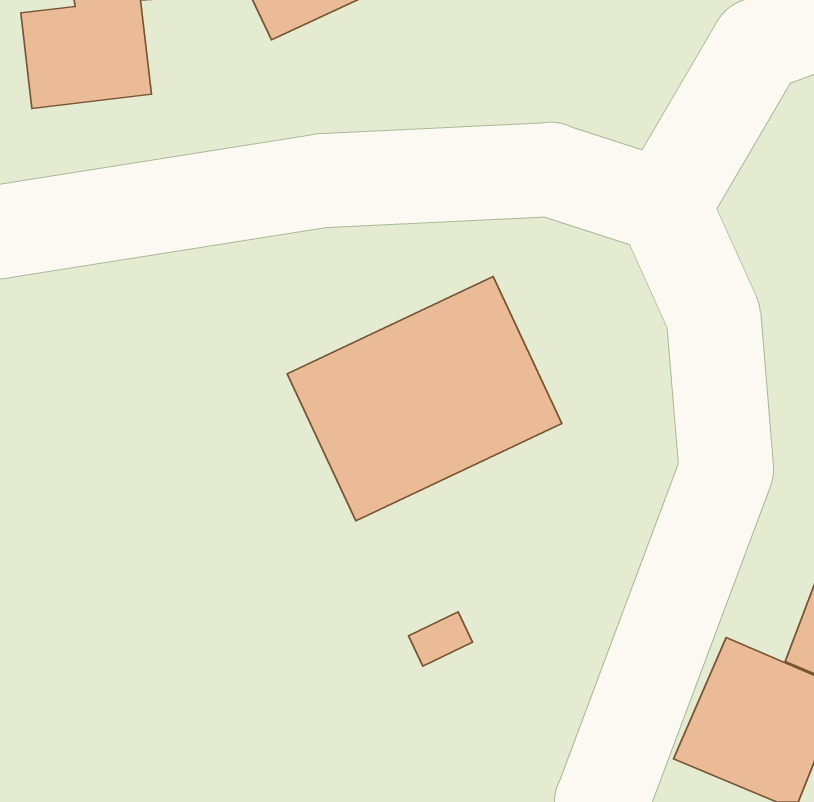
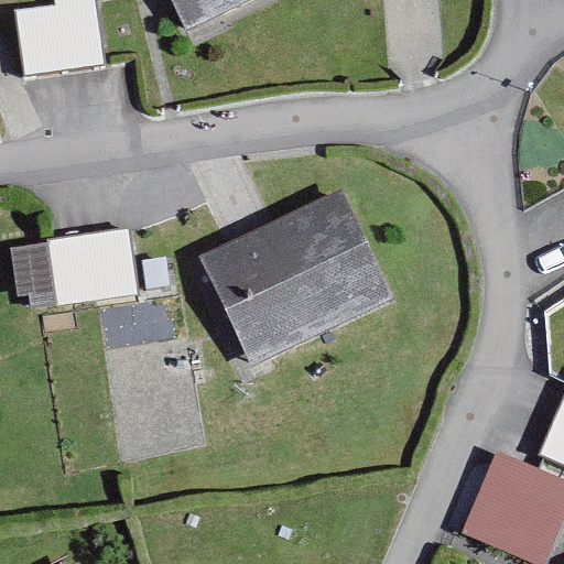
building: none -> [9,230,137,311]

